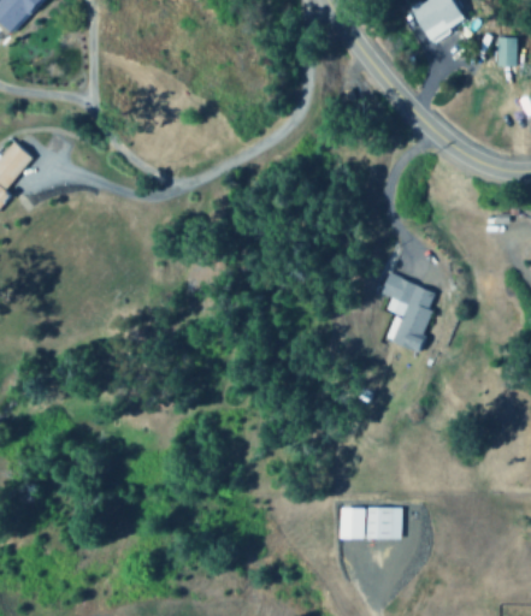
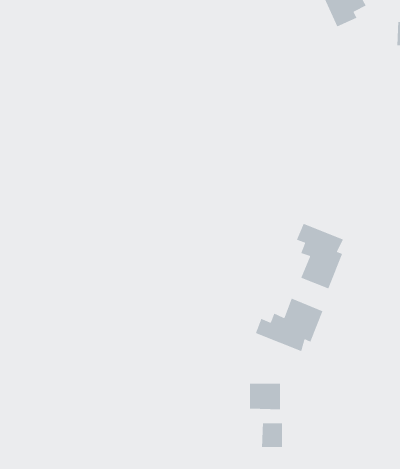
building: none -> [255,298,324,352]
building: [366,508,403,540] -> [249,383,281,410]

